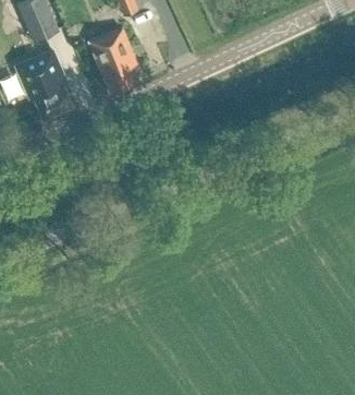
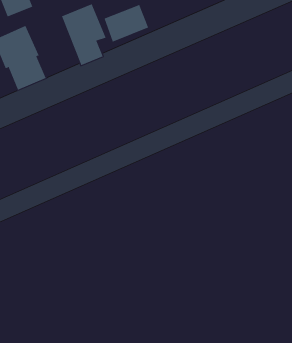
building: none -> [104,4,149,43]

